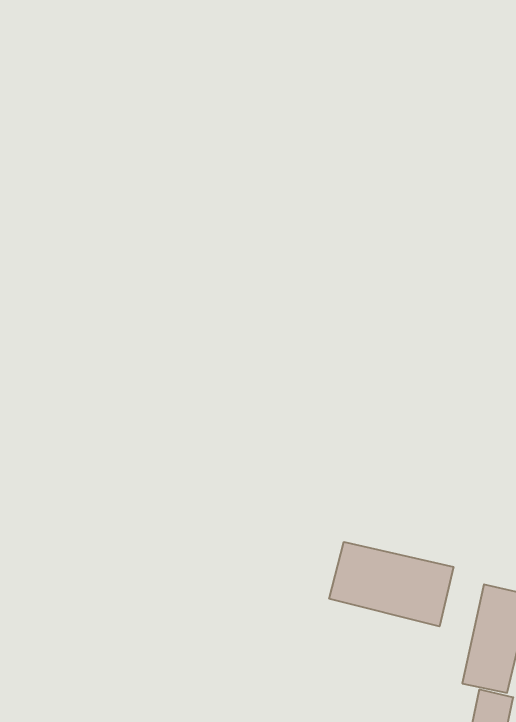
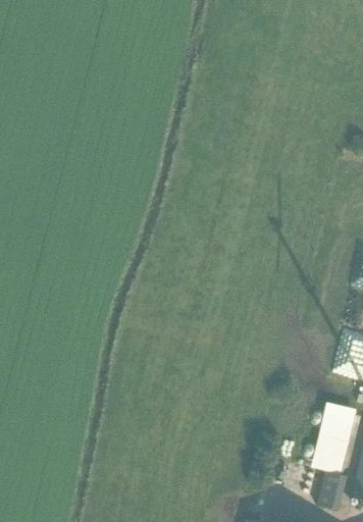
building: [329,542,453,626] -> none

